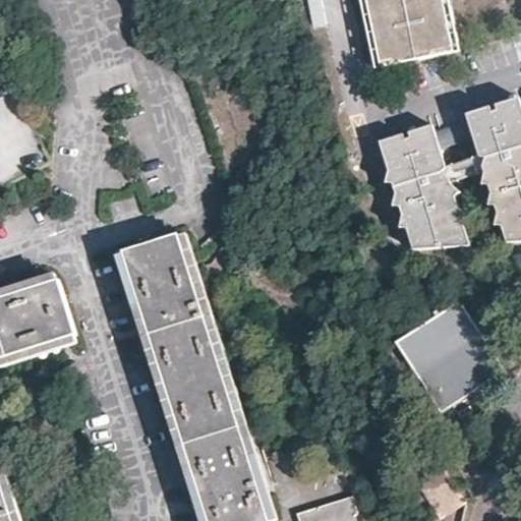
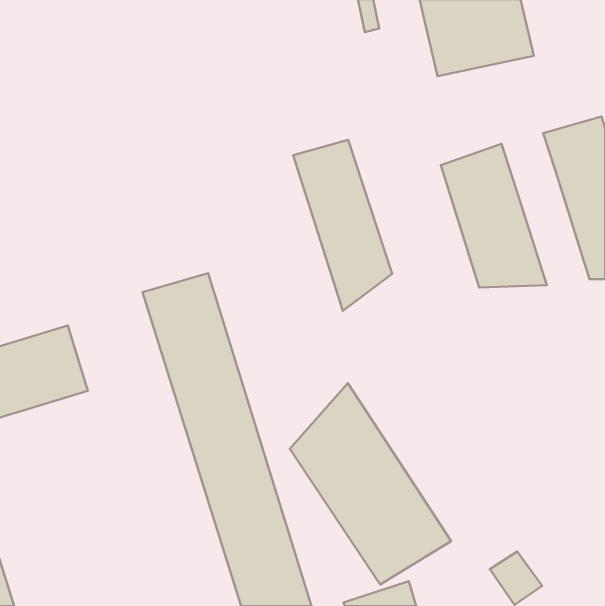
building: none -> [293,140,392,311]
building: [395,300,507,412] -> none
building: none -> [290,383,451,585]

